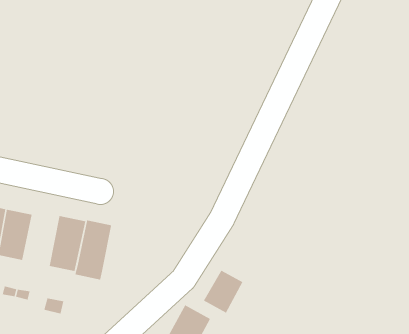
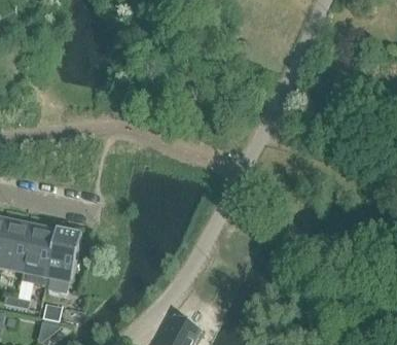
building: [75,220,113,280] -> [22,228,58,284]
building: [203,270,243,313] -> none

